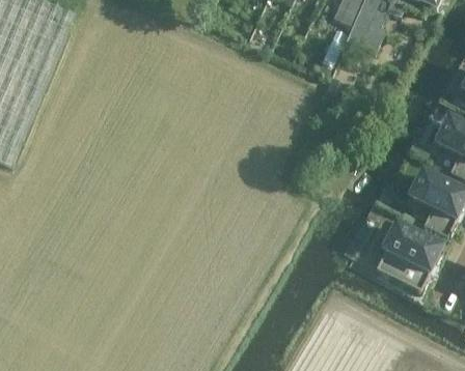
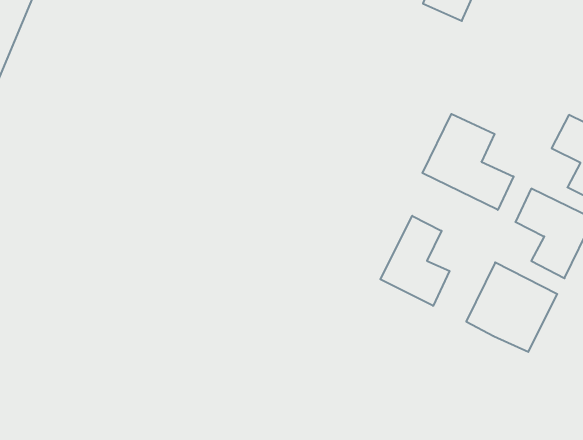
building: none -> [422,114,514,210]
building: none -> [380,216,450,306]

